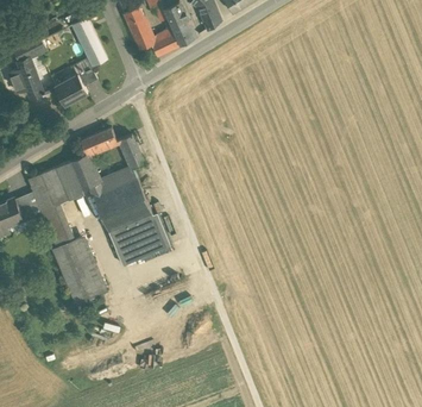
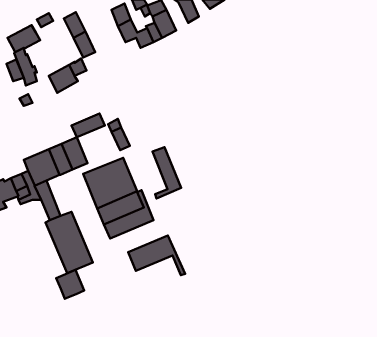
building: none -> [153,147,181,199]
building: none -> [128,235,185,275]
building: none -> [56,270,84,299]

